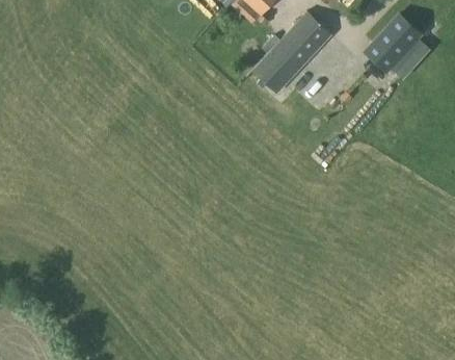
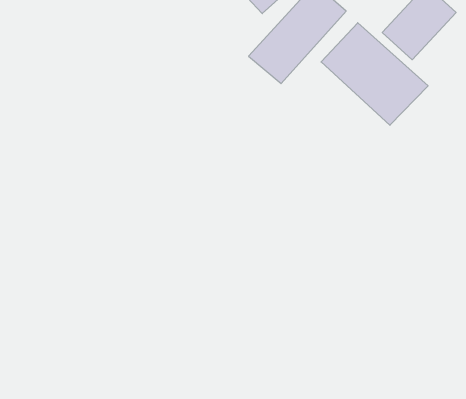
building: none -> [321,23,428,125]

